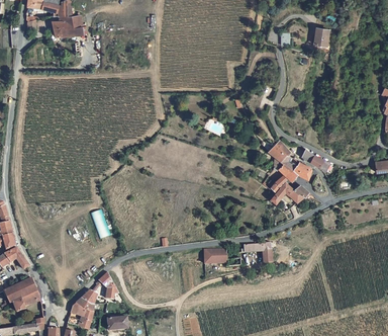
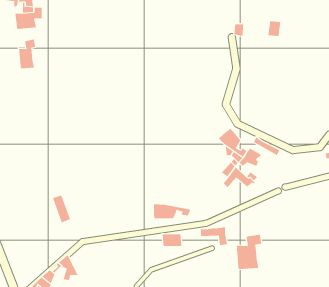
building: none -> [18,39,36,69]
building: none -> [154,203,191,219]
building: none -> [236,234,262,270]

